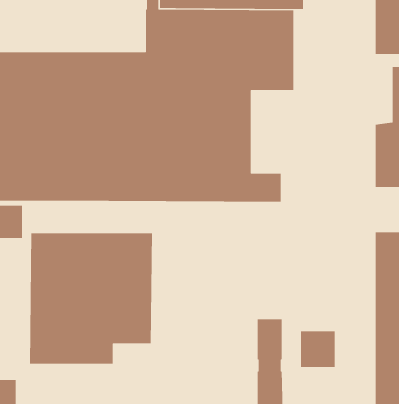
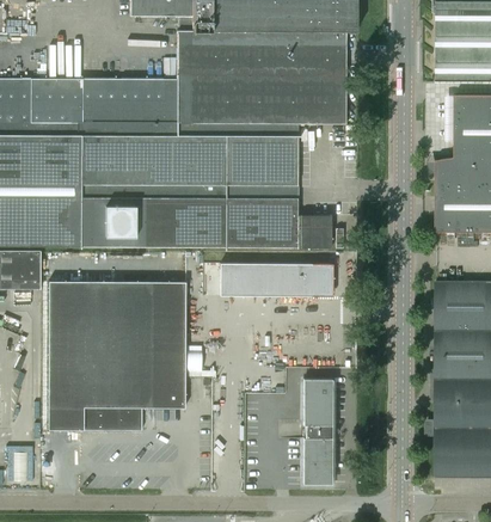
building: none -> [220,263,331,296]
building: [300,330,336,368] -> none

